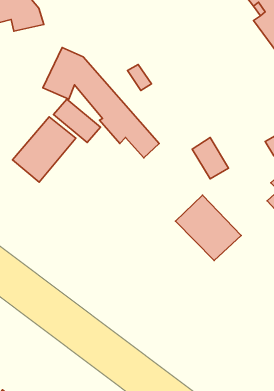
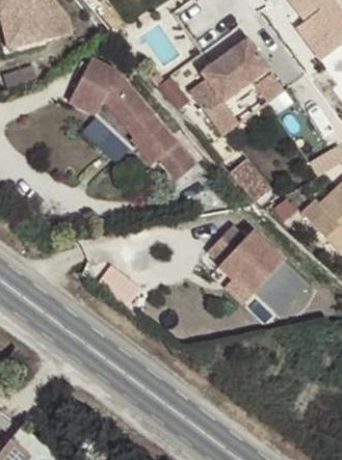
building: none -> [187,43,283,139]
building: [13,117,76,182] -> none

